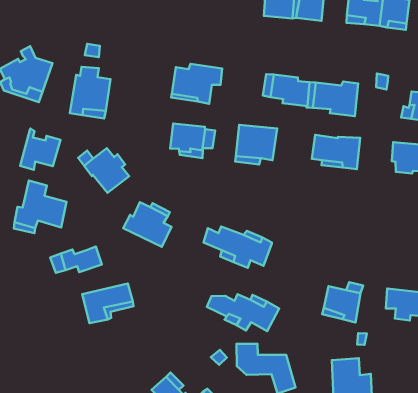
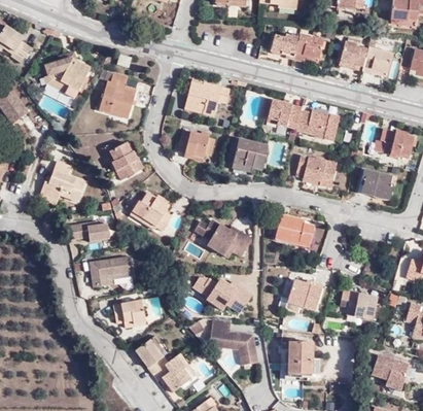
building: [20,128,60,170] -> none
building: none -> [275,215,312,245]
building: none -> [116,301,147,327]

